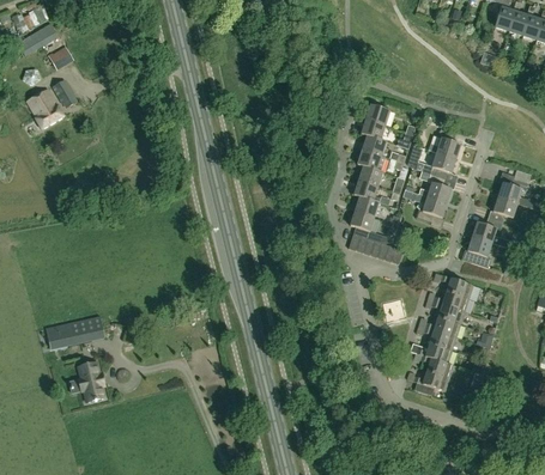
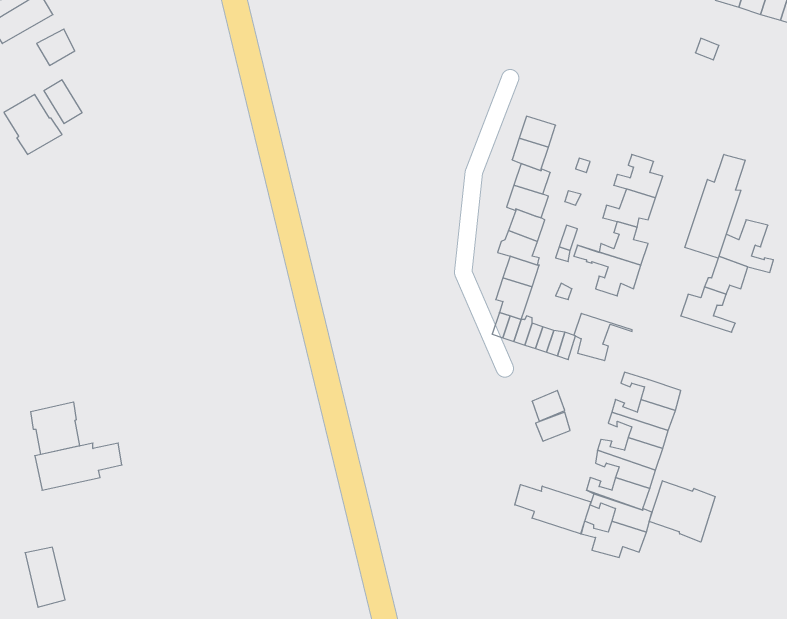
building: none -> [685,154,745,258]
building: [467,236,505,267] -> [574,313,632,361]
building: none -> [31,402,80,454]
building: none -> [649,481,715,542]
building: none -> [515,485,591,534]
building: [77,363,103,402] -> [25,547,65,607]

